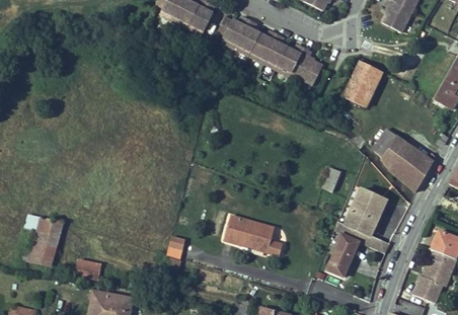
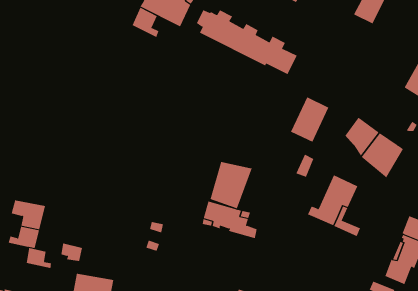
building: none -> [132,7,159,38]
building: [341,59,382,106] -> [290,97,329,143]
building: none -> [210,161,253,209]
building: [327,232,359,275] -> none
building: none -> [26,247,52,269]

